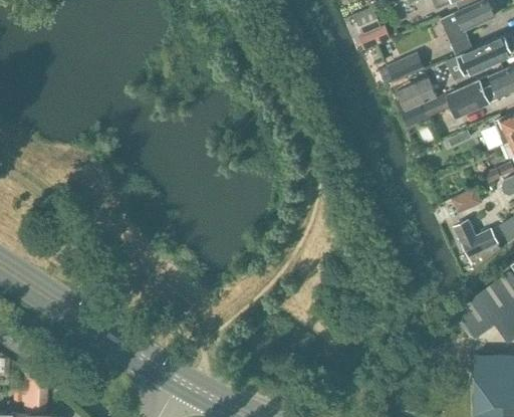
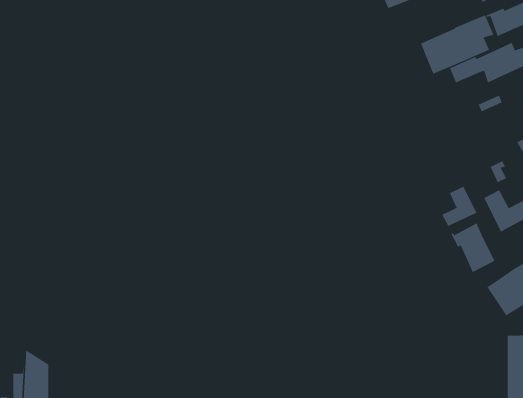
building: [377,51,426,85] -> none
building: none -> [441,186,477,227]
building: none -> [451,223,495,273]

